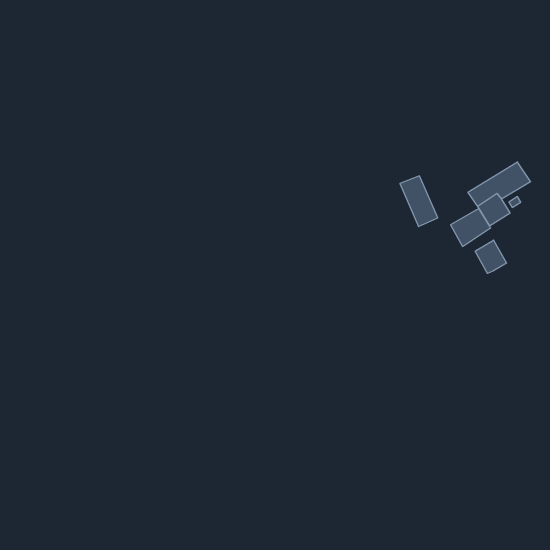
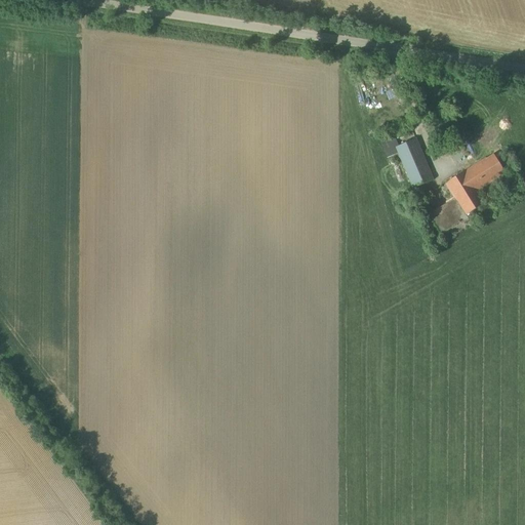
building: [400,176,438,227] -> [397,137,433,186]
building: [475,240,507,273] -> none

